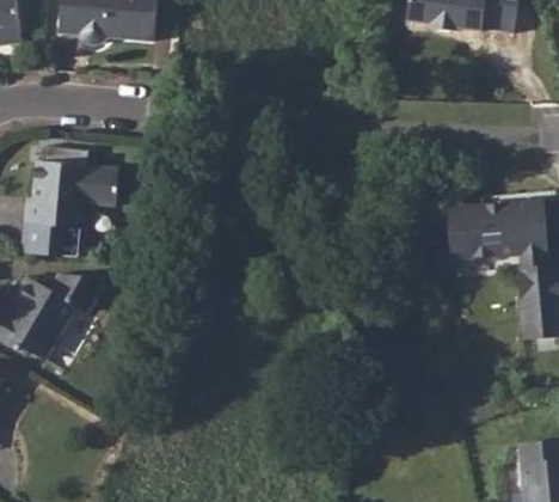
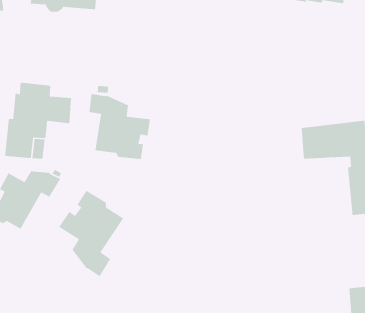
building: none -> [89,93,151,160]
building: none -> [58,190,124,277]

